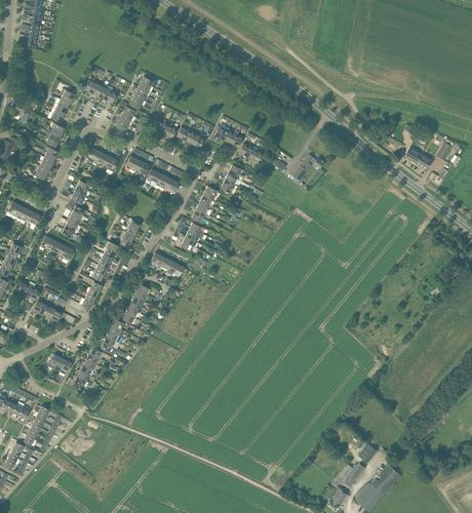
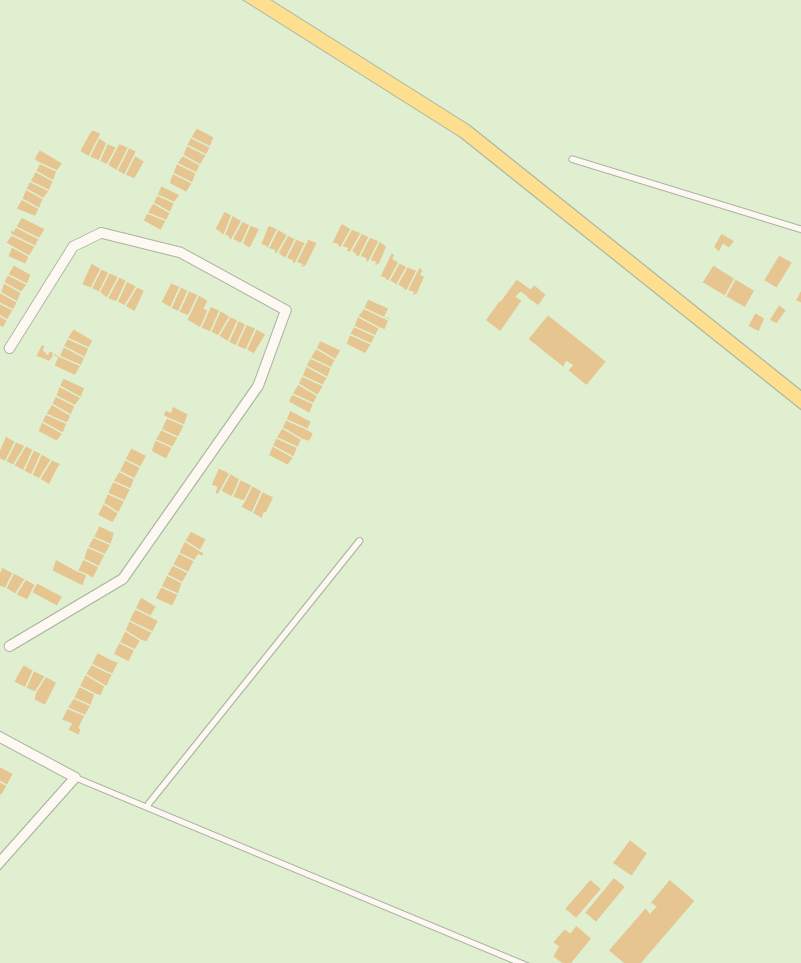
building: none -> [528,314,607,386]

